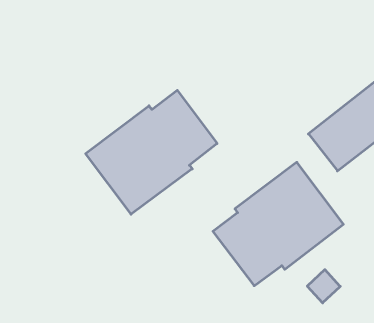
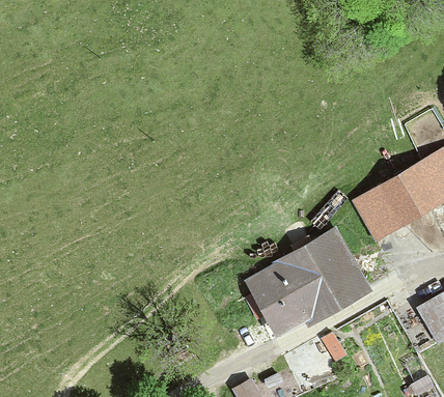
building: [86,90,217,214] -> none

